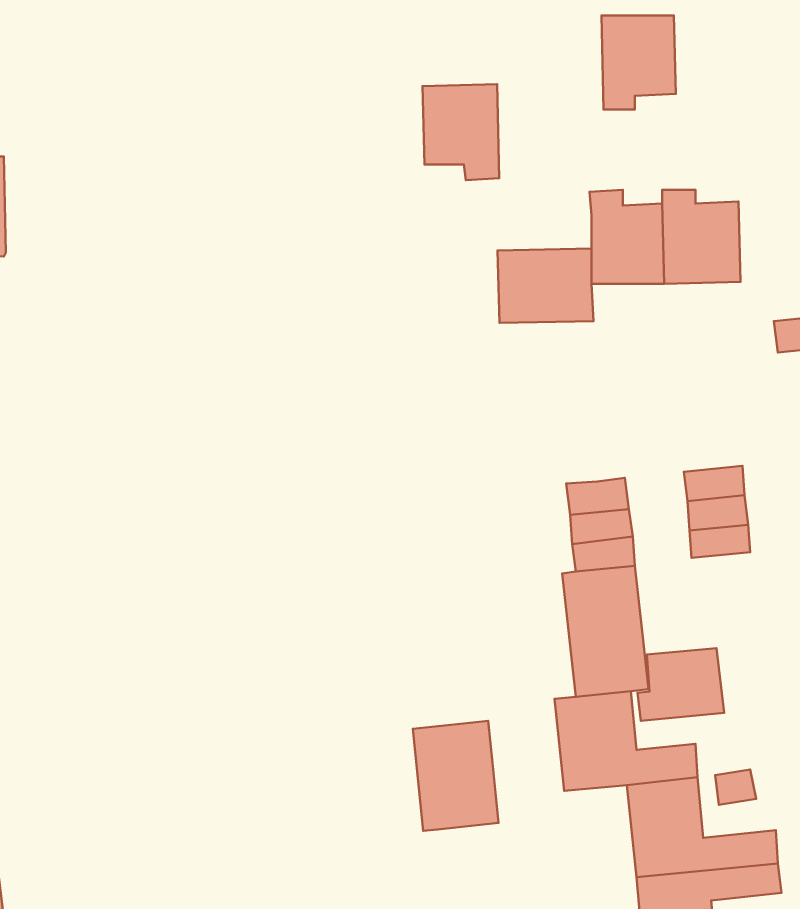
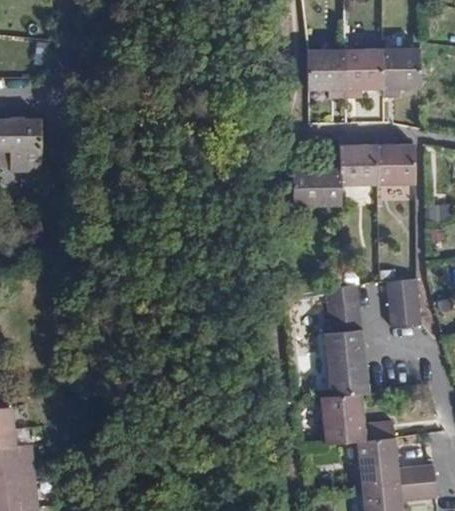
building: none -> [381,48,420,97]
building: [423,84,499,180] -> [306,49,345,98]
building: [637,648,724,721] -> none
building: [413,721,499,831] -> none

